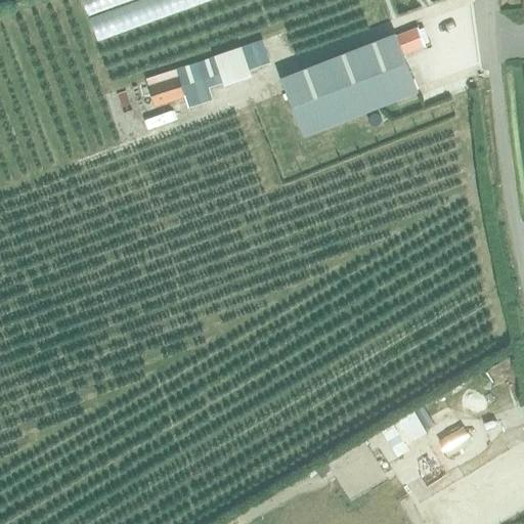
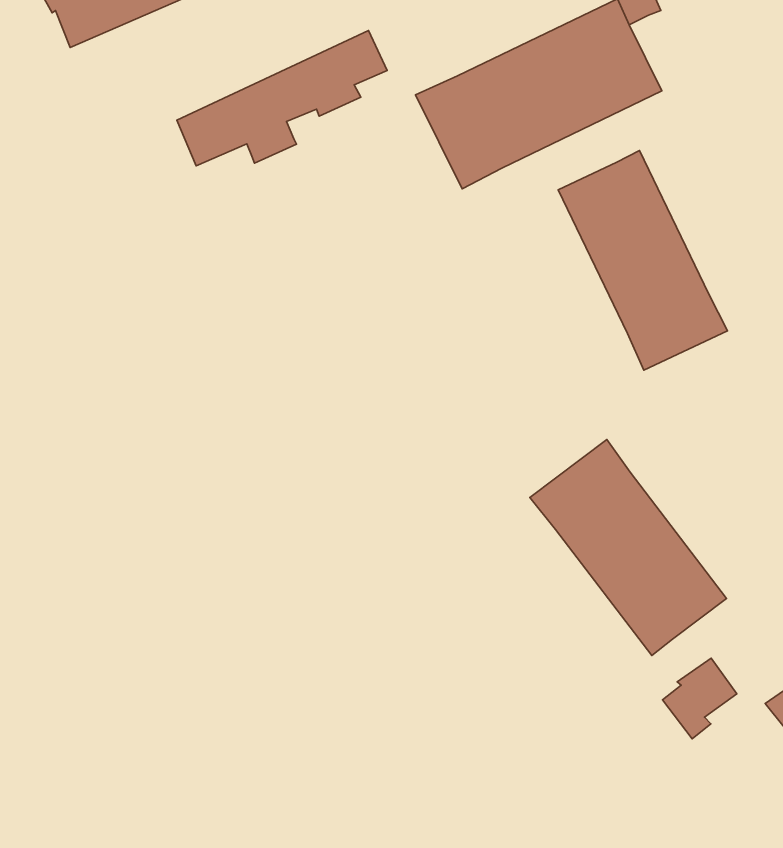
building: none -> [558,151,727,370]
building: none -> [530,440,727,656]

